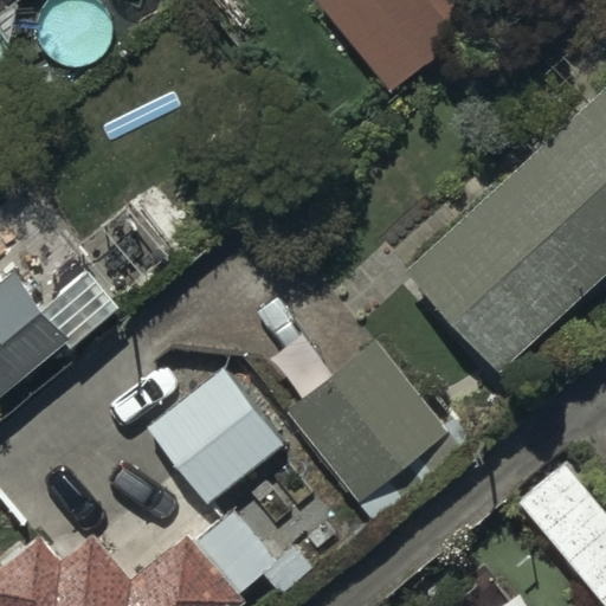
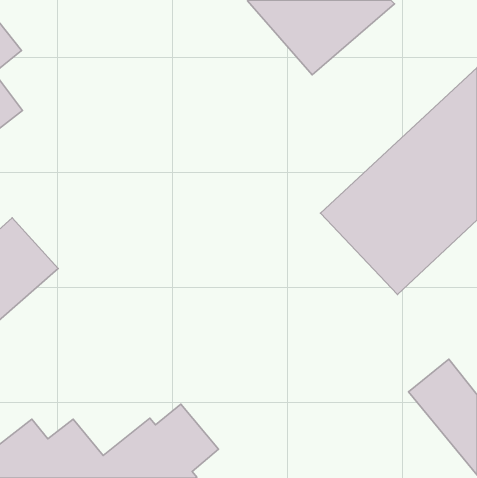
building: [276,325,460,516] -> none
building: [142,365,284,507] -> none

